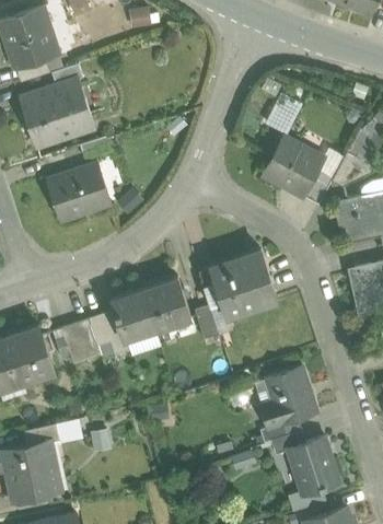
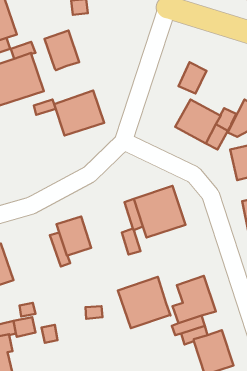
building: none -> [44,30,79,70]
building: [47,163,112,221] -> [54,91,104,135]
building: [142,278,190,330] -> none
building: [61,318,101,364] -> none
building: none -> [118,277,171,328]

